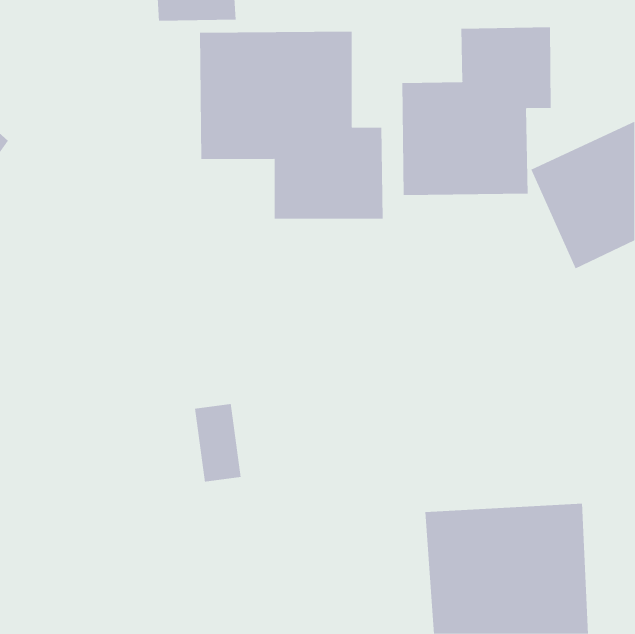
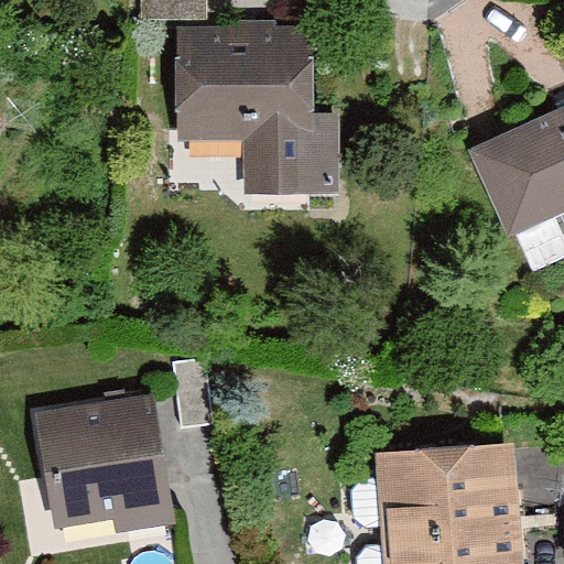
building: [402,26,551,196] -> none
building: none -> [33,391,174,533]

